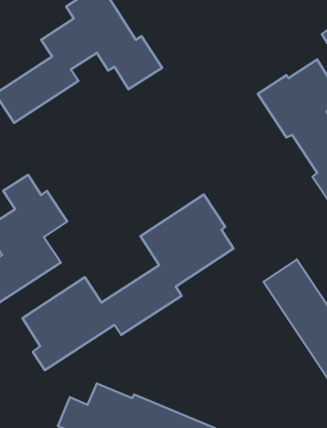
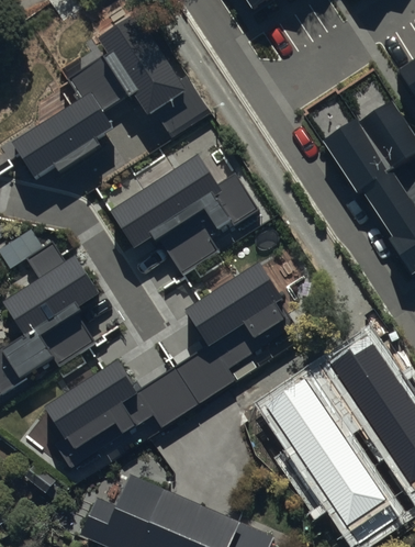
building: none -> [110,156,262,276]
building: none -> [266,379,386,526]

